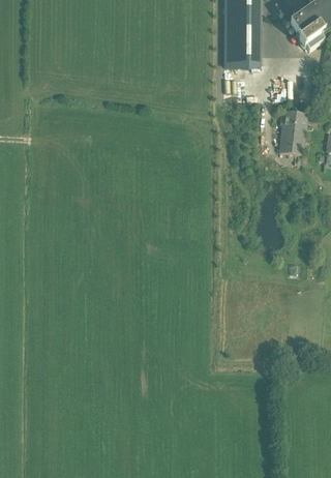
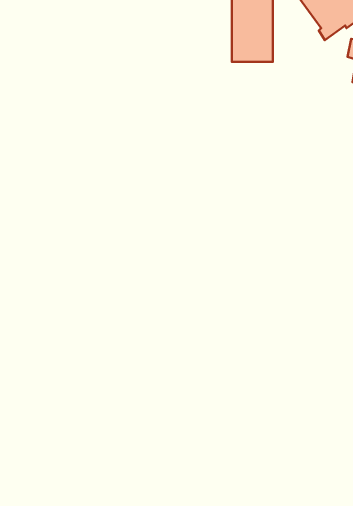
building: [279,110,308,154] -> none

